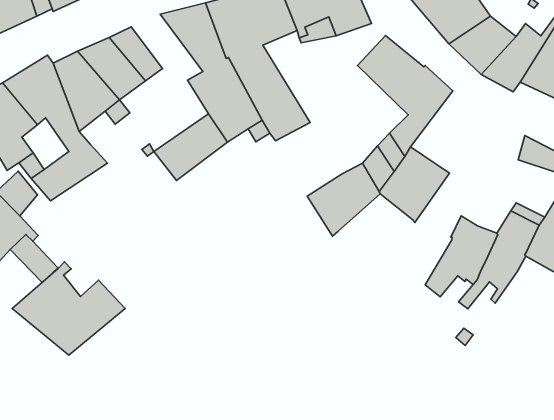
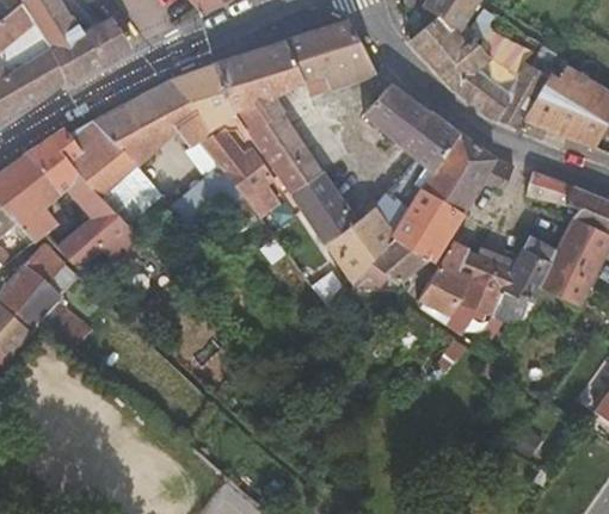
building: none -> [143,79,216,147]
building: none -> [423,132,515,212]
building: none -> [291,173,358,244]
building: none -> [358,237,430,284]
building: none -> [418,242,476,315]
building: [12,262,125,355] -> none

